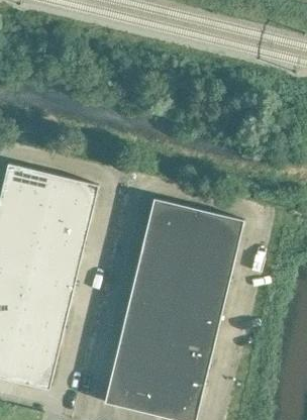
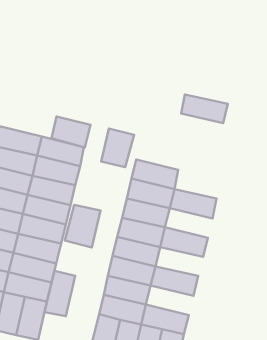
building: none -> [51,116,91,147]
building: none -> [101,129,134,167]
building: [193,210,242,240] -> [181,94,228,123]
building: none -> [65,205,101,248]
building: [183,250,233,282] -> none
building: [173,292,223,322] -> none
building: none -> [44,271,75,316]
building: [163,332,213,363] -> none

